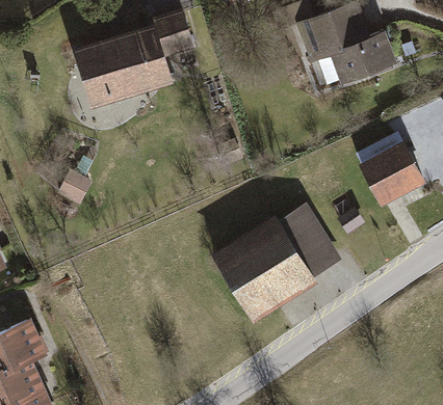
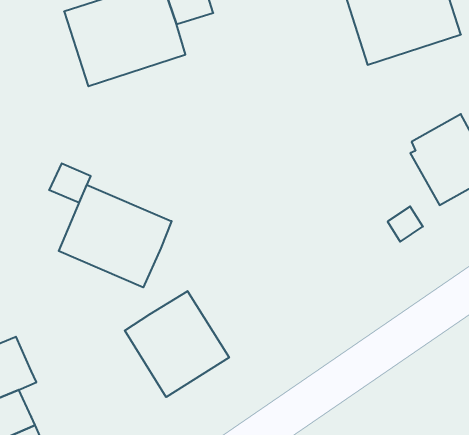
building: none -> [59,185,172,287]
building: [209,204,340,322] -> none
building: none -> [125,291,229,397]

